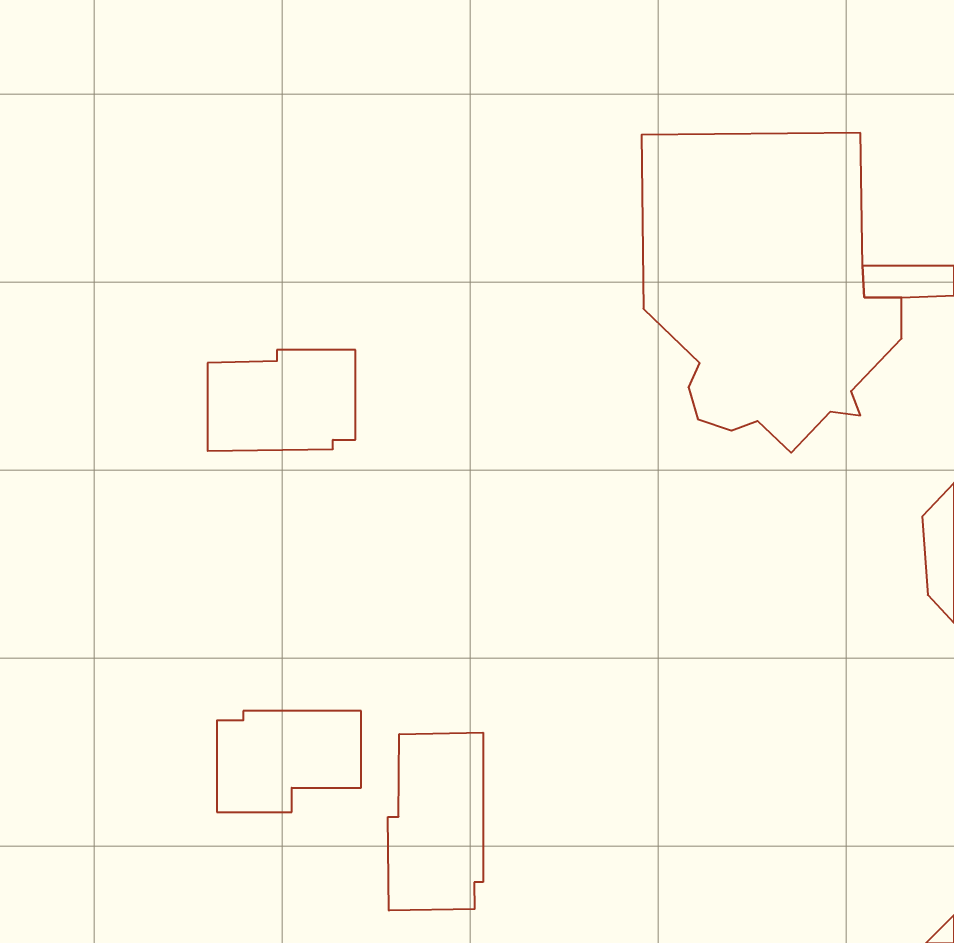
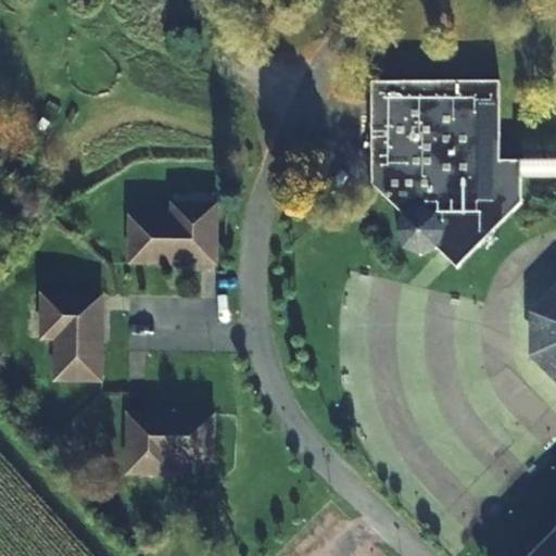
building: none -> [39,299,96,383]
building: [388,733,483,911] -> none

